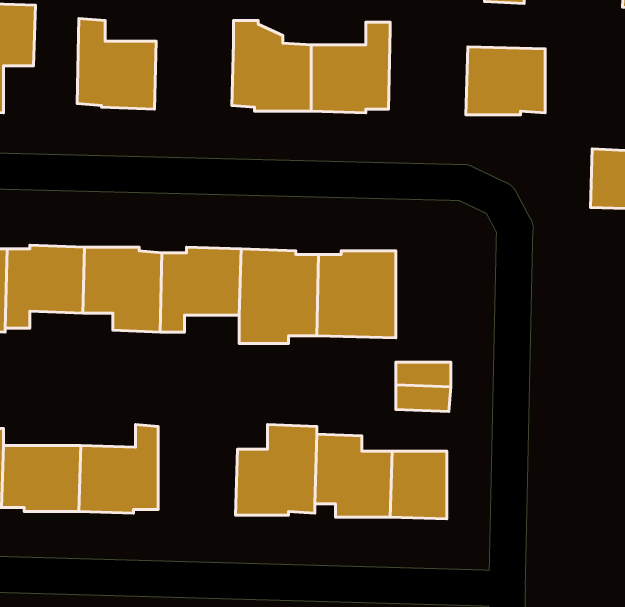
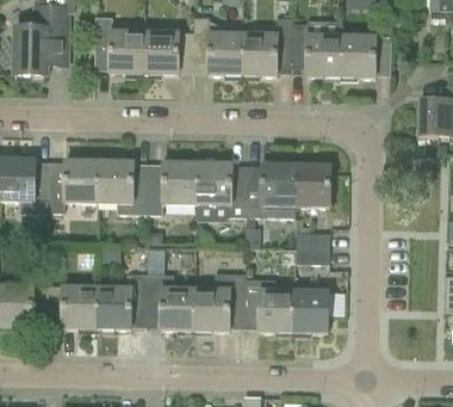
building: none -> [291,20,341,78]
building: none -> [143,31,193,74]
building: none -> [296,164,330,206]
building: none -> [145,275,196,331]

